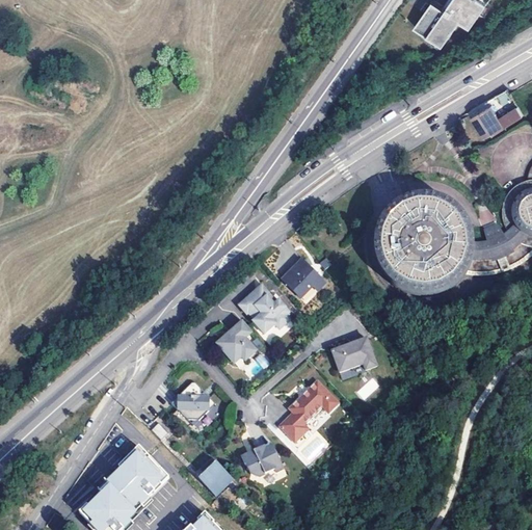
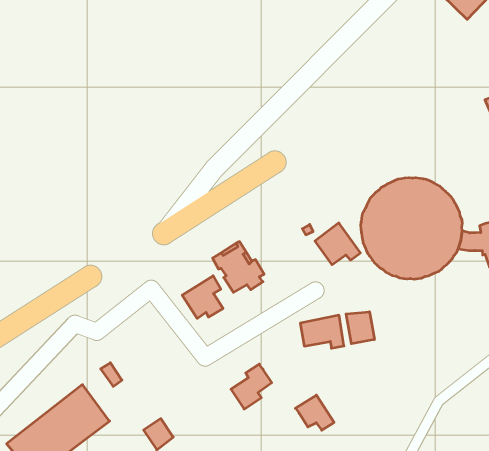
building: [282,255,326,295] -> [315,223,360,265]
building: none -> [346,312,374,344]
building: [300,381,339,414] -> [295,395,334,430]
building: [170,382,209,419] -> none
building: [239,445,283,476] -> none

